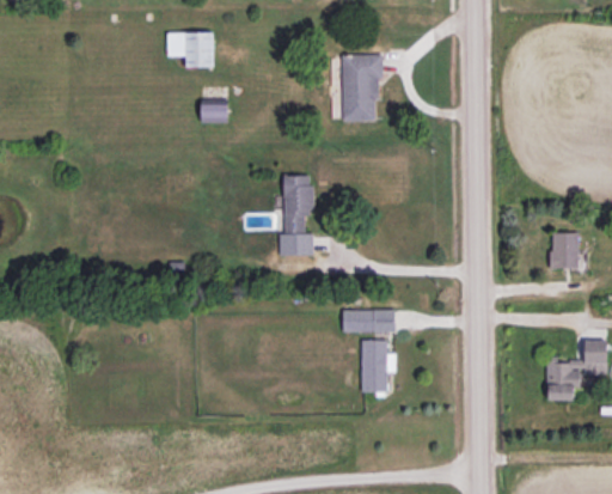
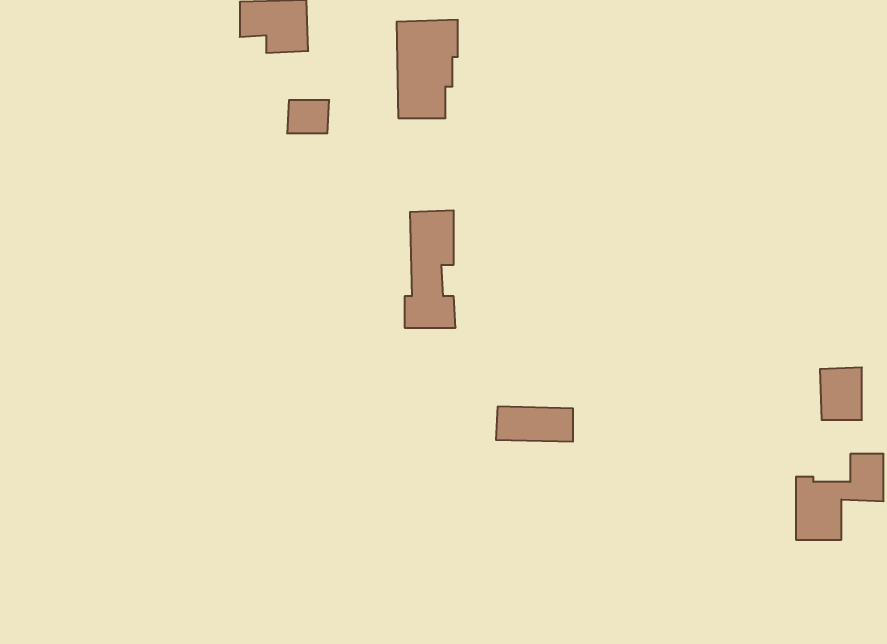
building: [342,54,384,121] -> [397,20,458,118]
building: [550,232,579,268] -> [820,367,862,420]
building: [361,340,396,391] -> none

